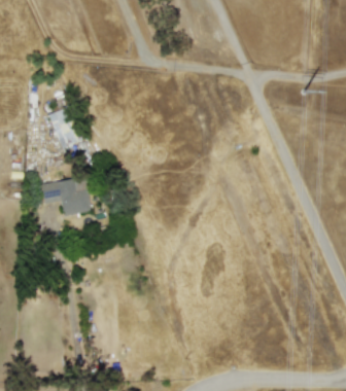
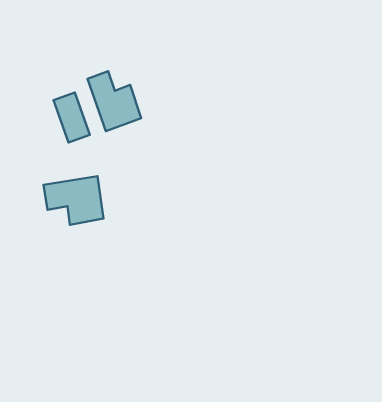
building: none -> [87,71,141,131]

